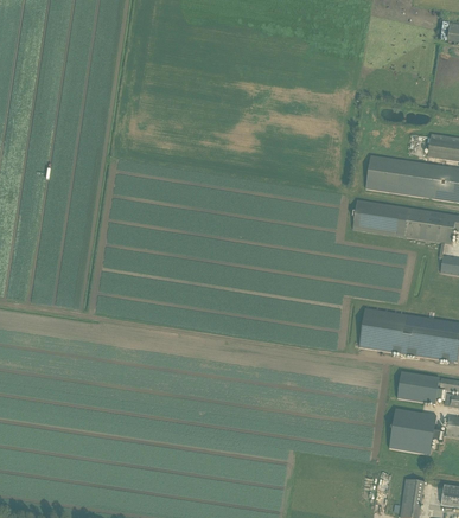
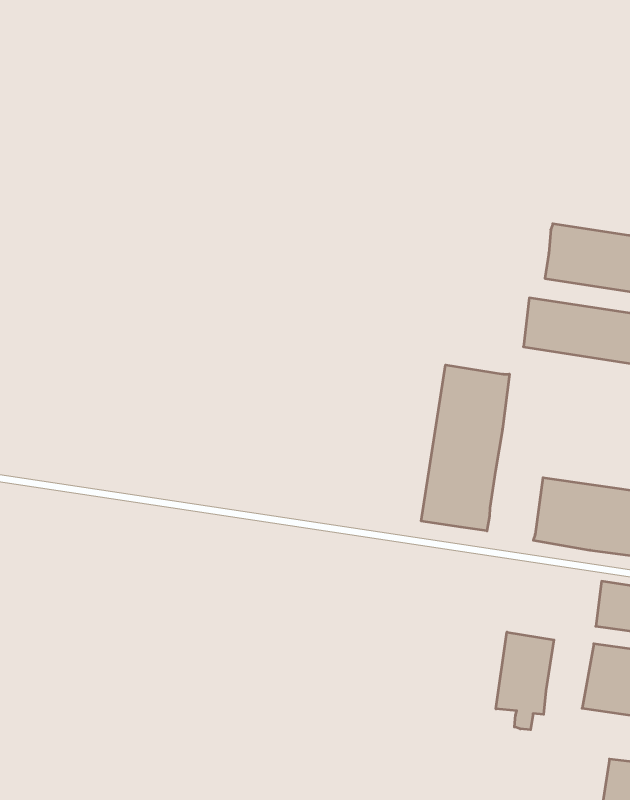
building: none -> [421,365,509,531]
building: none -> [496,632,554,730]

